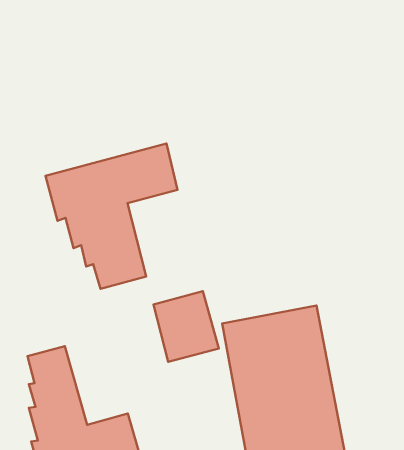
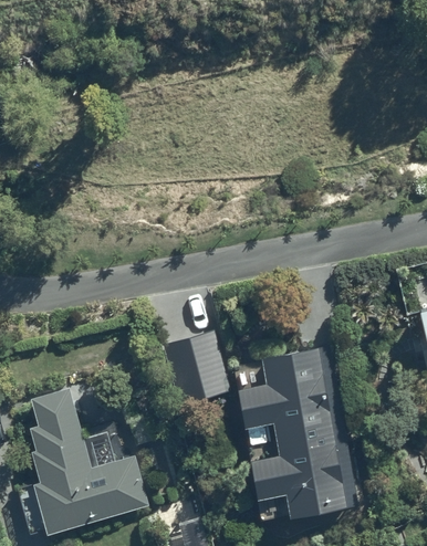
building: [46,144,178,289] -> none

